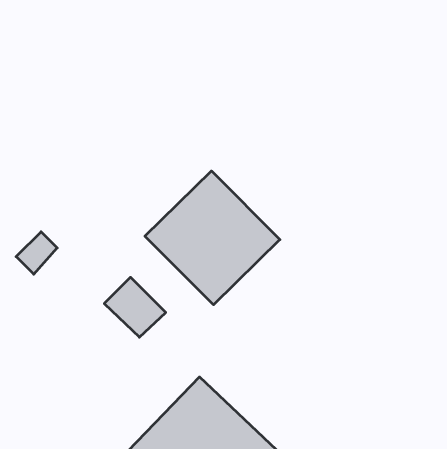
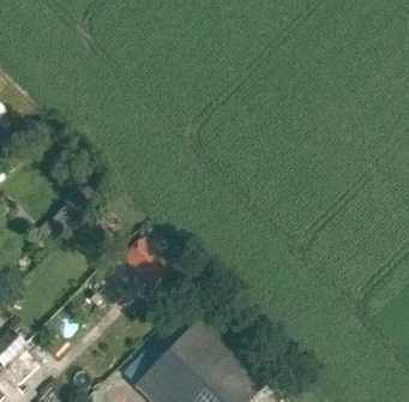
building: [145,171,280,305] -> none

